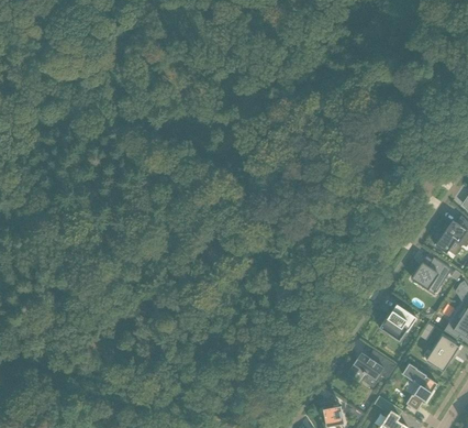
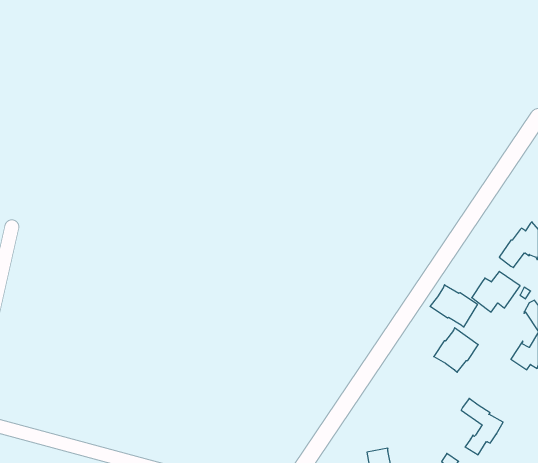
building: none -> [430,285,477,327]
building: [428,336,459,372] -> none
building: [346,352,395,382] -> none

